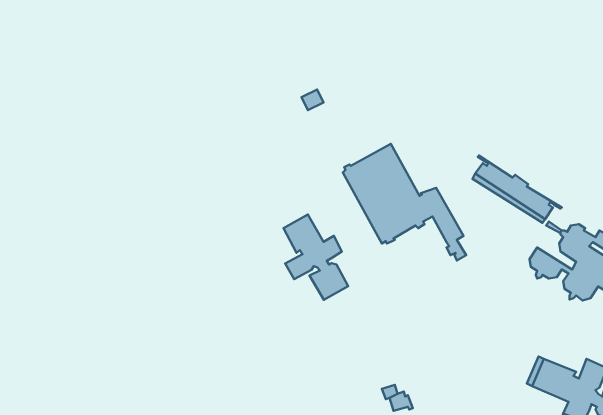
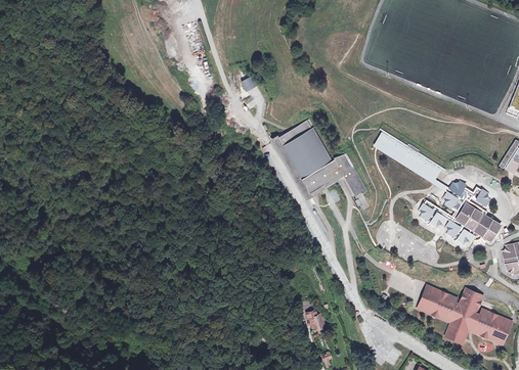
building: [283,214,348,300] -> none

